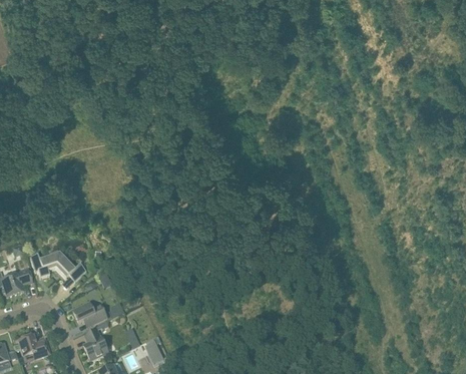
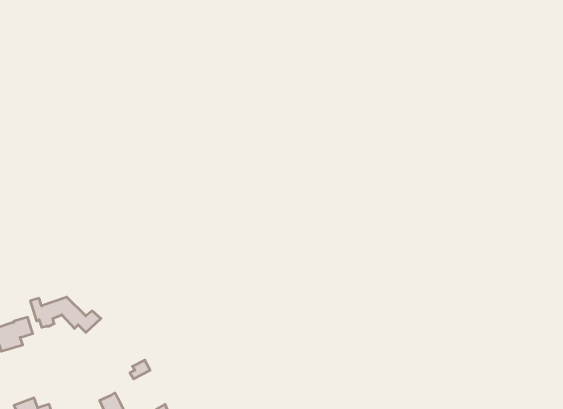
building: [73,302,107,323] -> none

